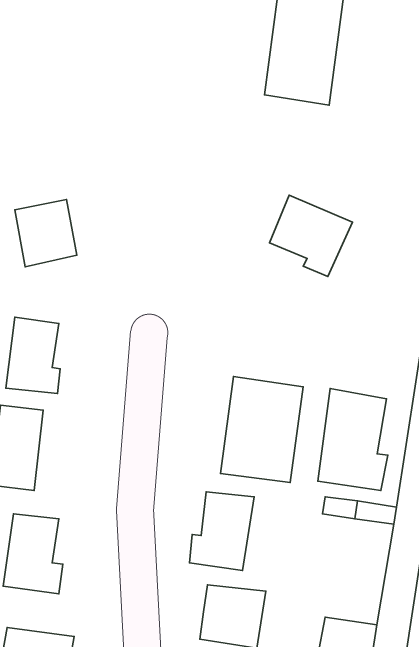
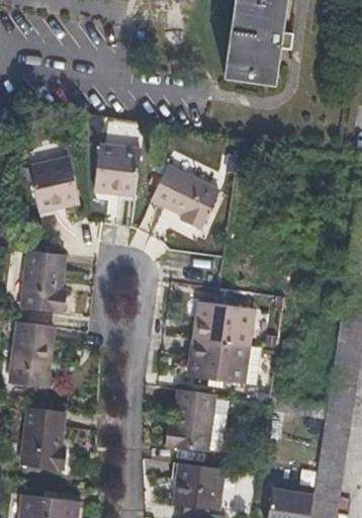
building: none -> [97,148,141,195]
building: [270,195,352,277] -> [153,166,217,230]
building: [318,388,388,490] -> none

